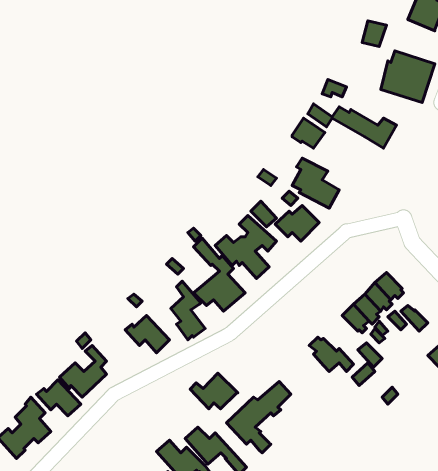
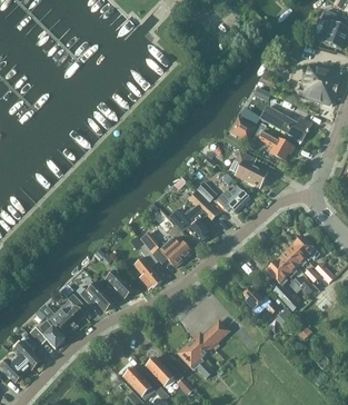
building: none -> [253,121,291,158]
building: none -> [77,281,115,309]
building: [190,373,238,409] -> none

